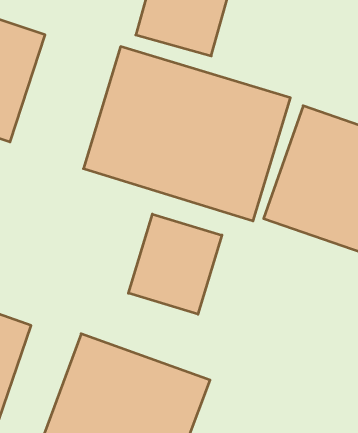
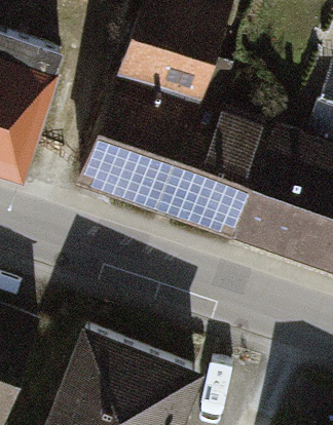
building: [128,214,222,314] -> none

